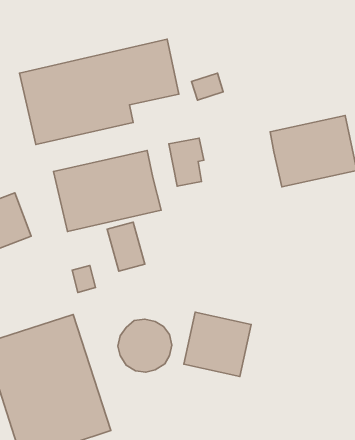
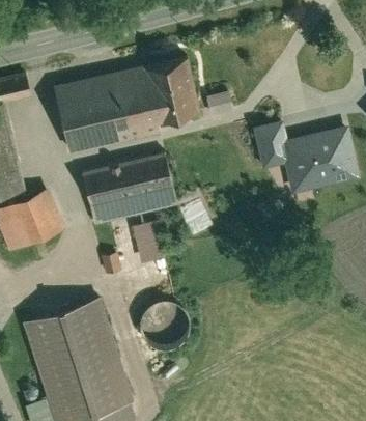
building: [169,138,204,186] -> [250,118,281,161]
building: [184,312,251,377] -> none

